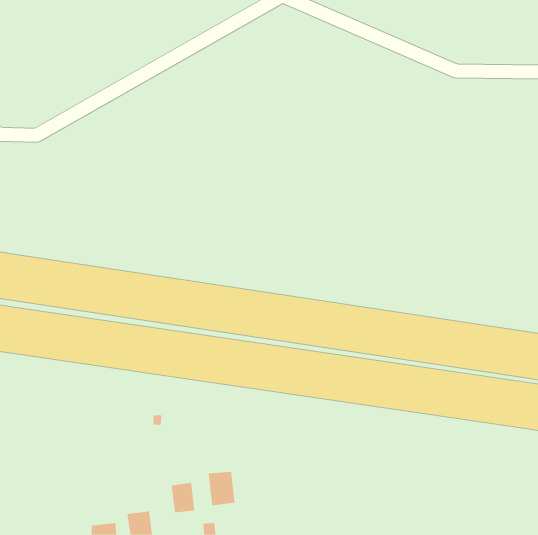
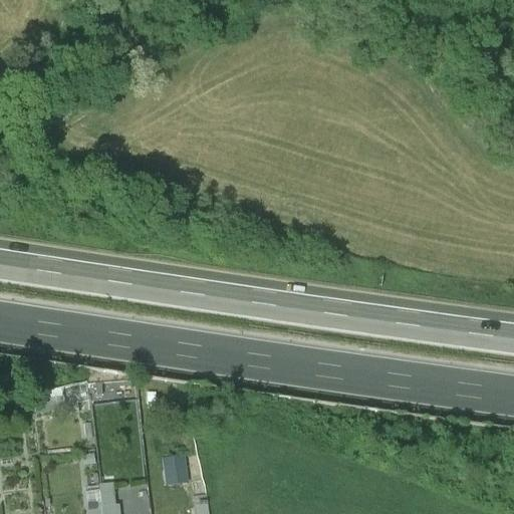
building: [208,471,235,506] -> none

